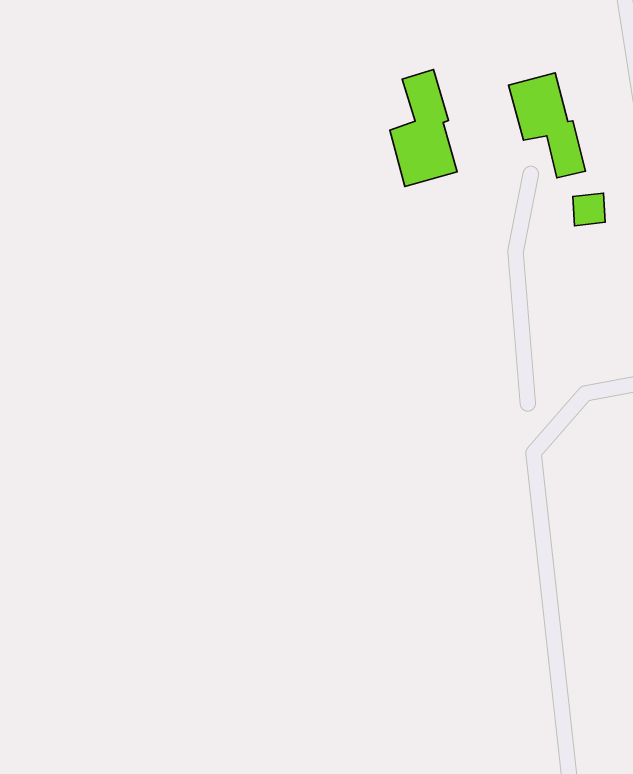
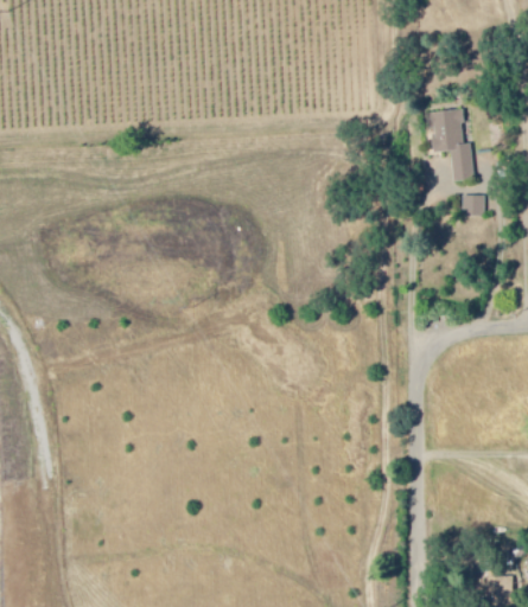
building: [390,70,457,187] -> none

